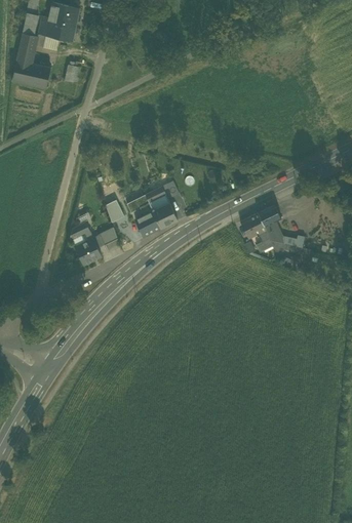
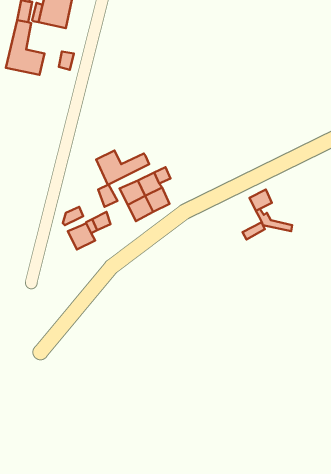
building: none -> [96,150,149,185]
building: [240,213,267,241] -> none

